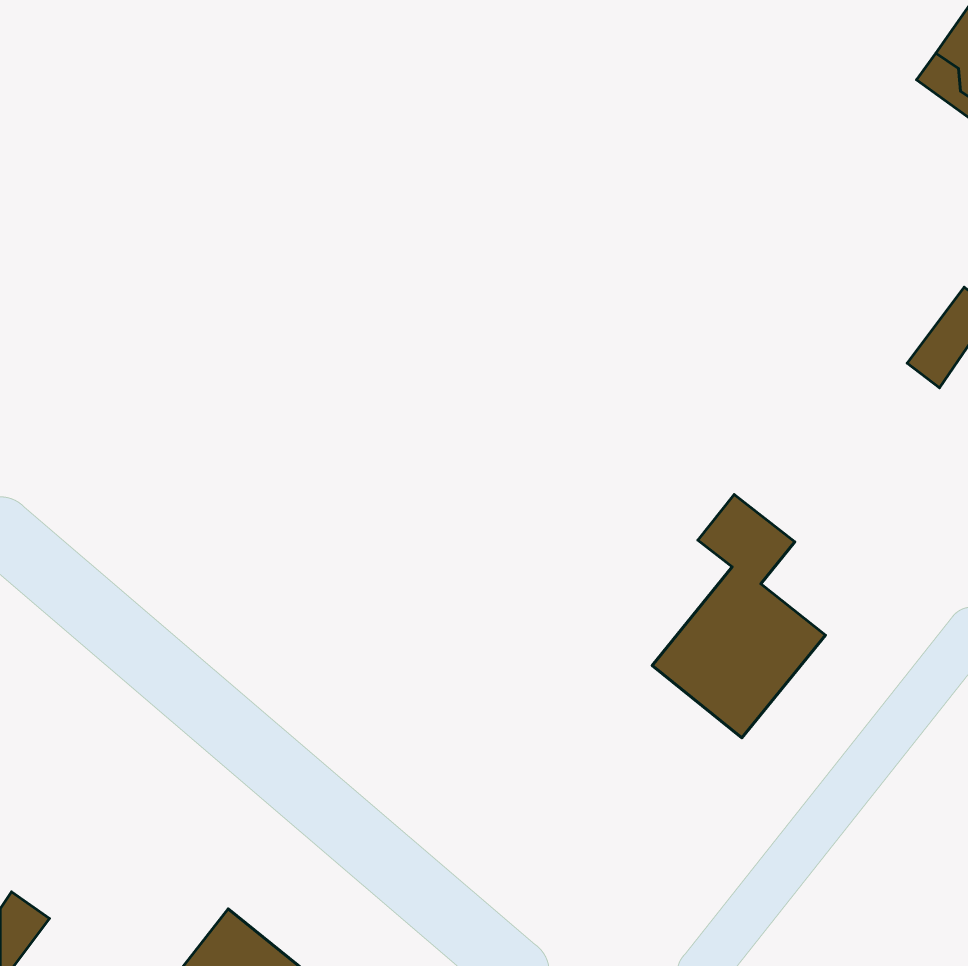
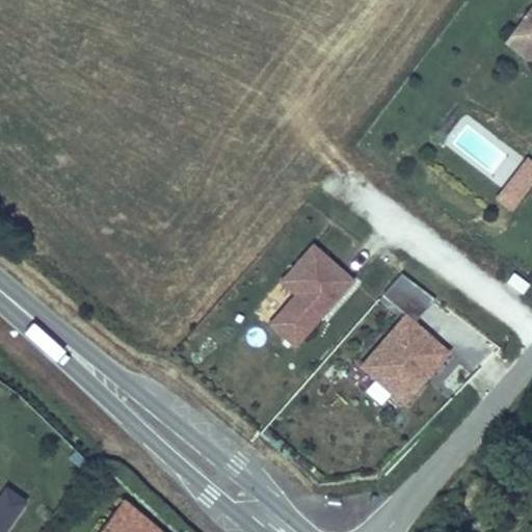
building: none -> [254,243,358,349]

